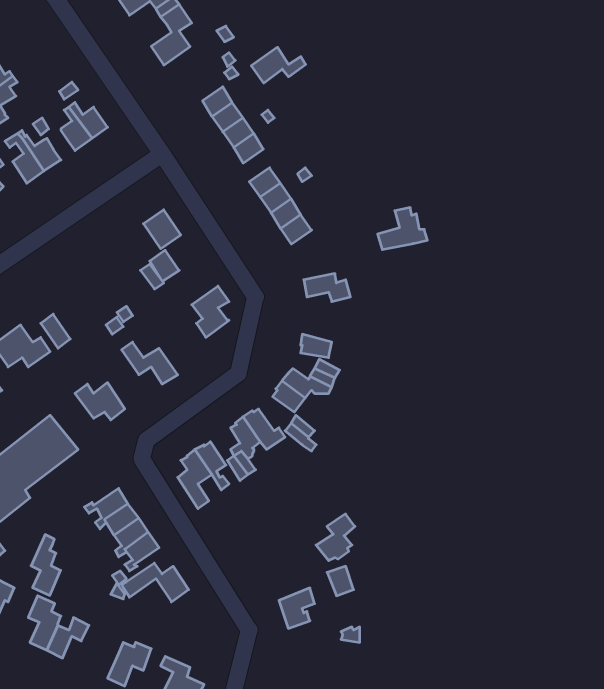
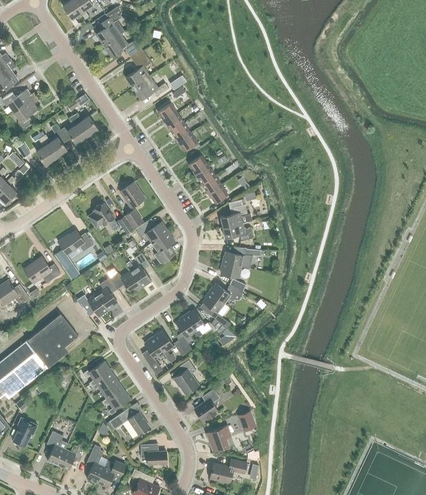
building: [251,47,306,83] -> [133,77,168,100]
building: [378,208,427,250] -> [220,200,252,227]
building: none -> [89,203,119,230]
building: none -> [135,218,168,243]
building: none -> [57,230,93,255]
building: none -> [222,247,261,268]
building: none -> [126,253,151,288]
building: none -> [97,277,118,310]
building: none -> [173,360,199,394]
building: [316,514,355,561] -> [194,389,219,419]
building: [31,535,61,595] -> [85,444,104,483]
building: none -> [140,443,167,464]
building: none -> [210,459,246,482]

